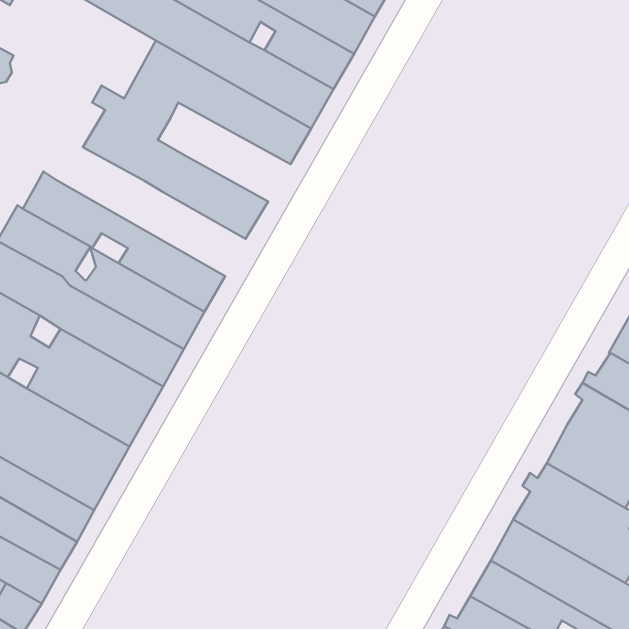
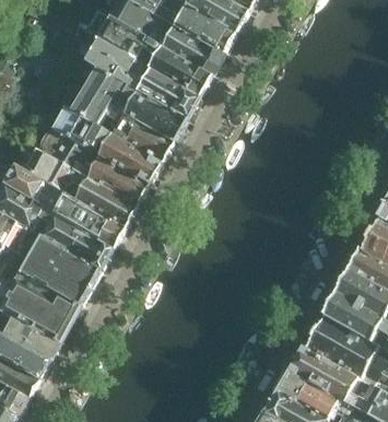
building: none -> [104,103,174,161]
building: none -> [36,126,148,204]

